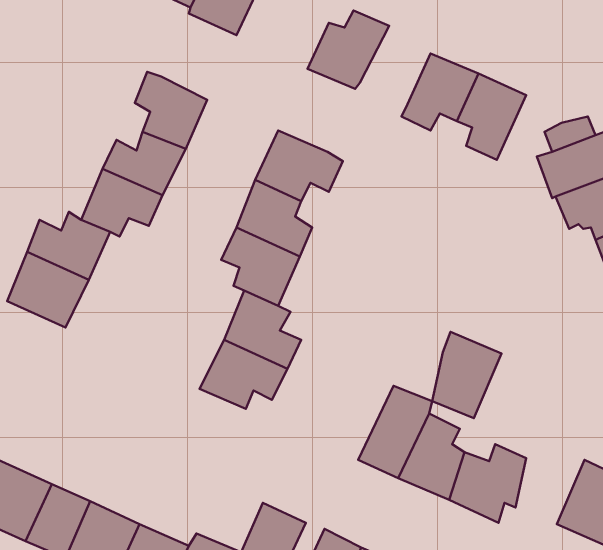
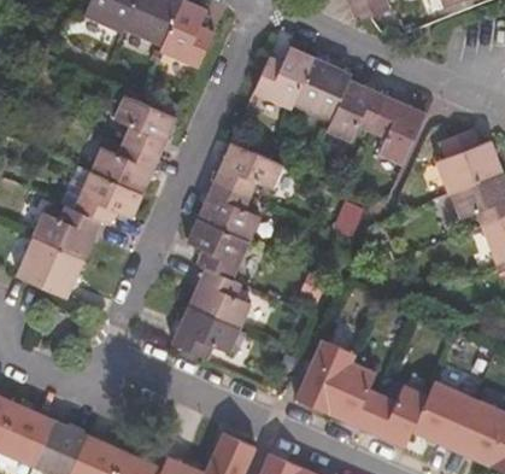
building: none -> [295,59,353,121]
building: [432,332,501,418] -> [417,382,471,450]

